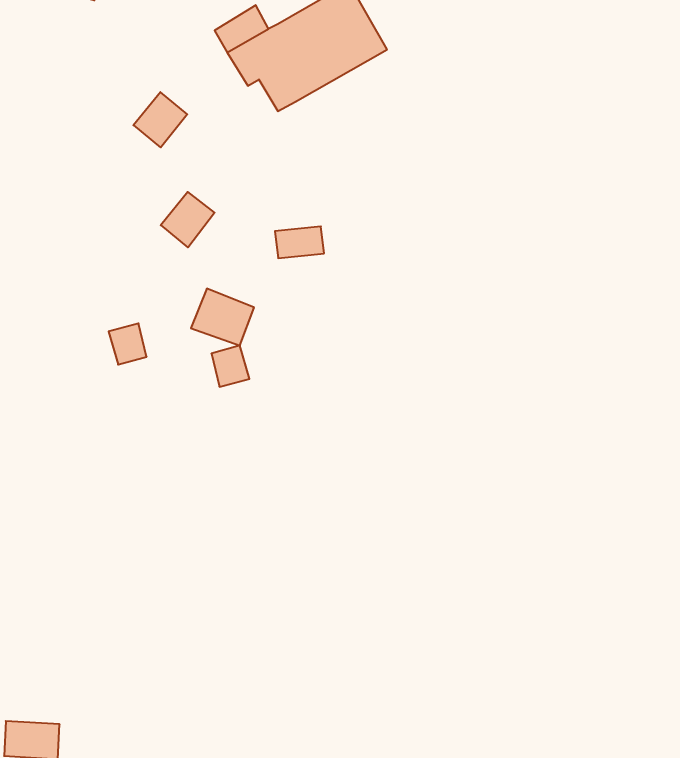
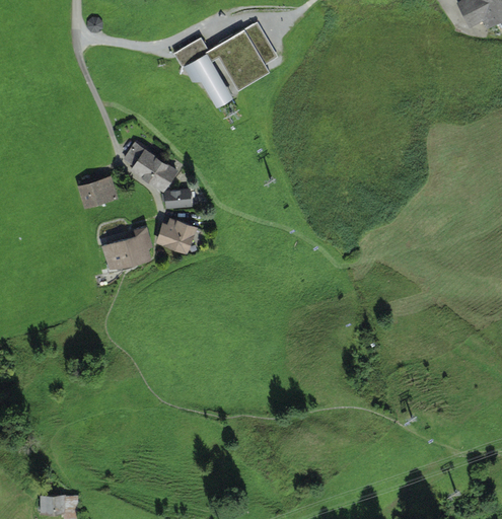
building: [133,92,187,147] -> [122,141,156,176]
building: none -> [77,175,118,209]
building: [275,226,324,258] -> [160,189,192,209]
building: [211,346,249,387] -> [125,234,149,261]

